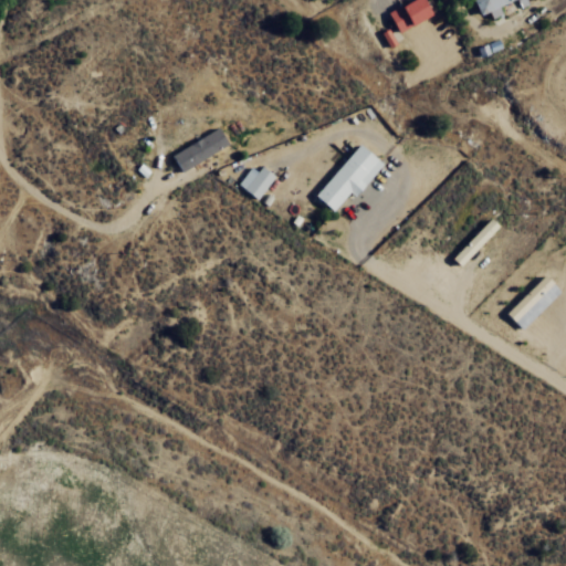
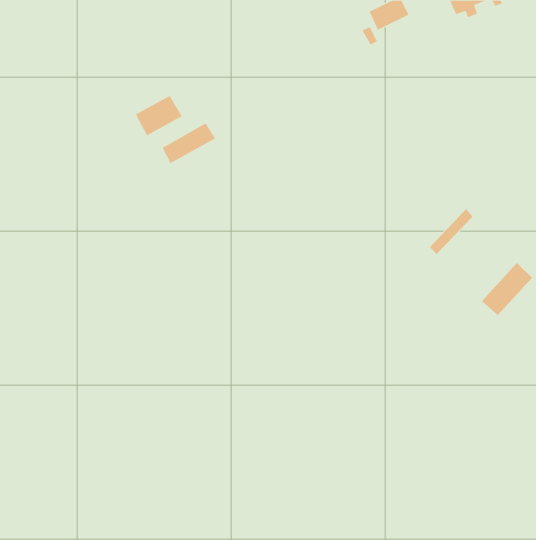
building: none -> [135,95,182,136]
building: [315,145,384,211] -> none
building: [240,164,274,199] -> none

